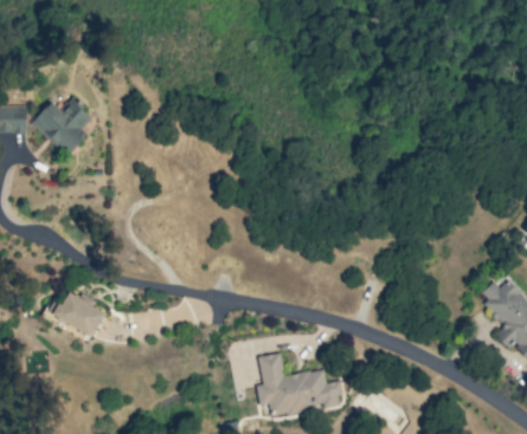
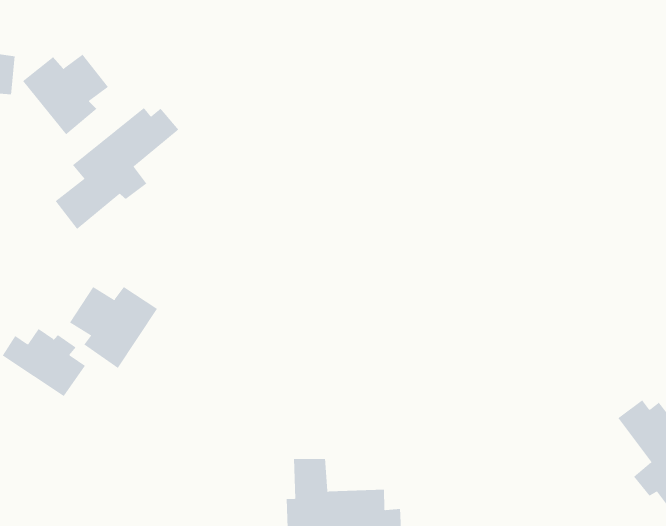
building: none -> [55,107,179,230]
building: none -> [69,286,158,369]

